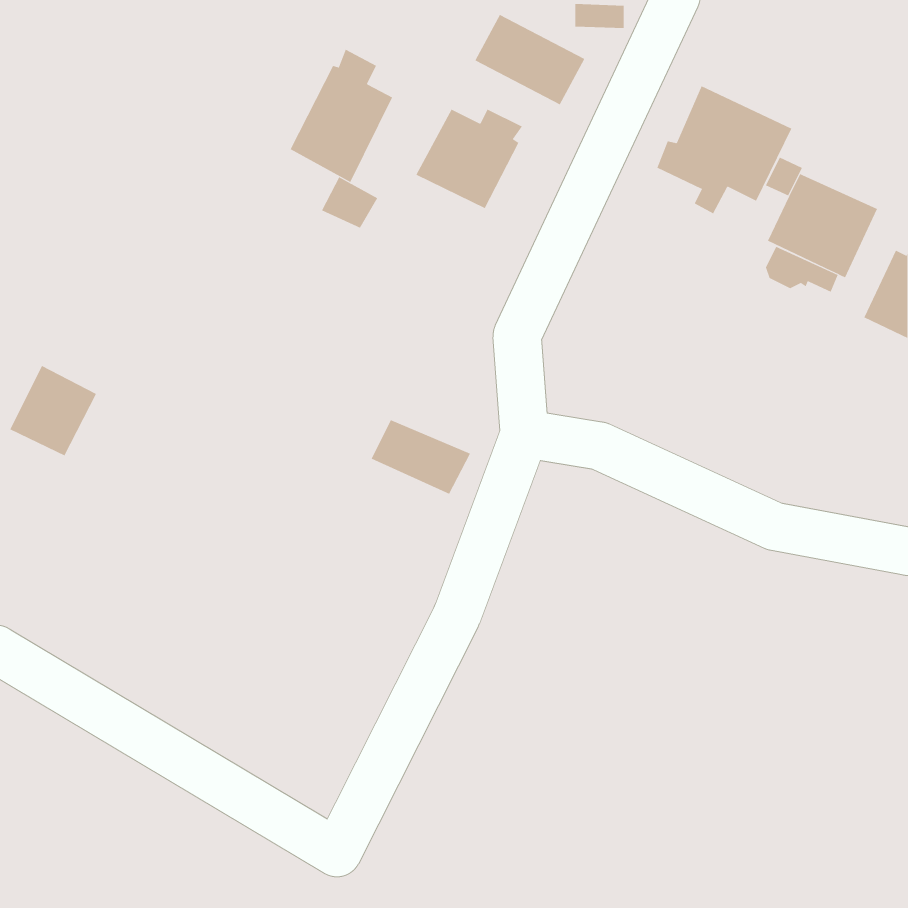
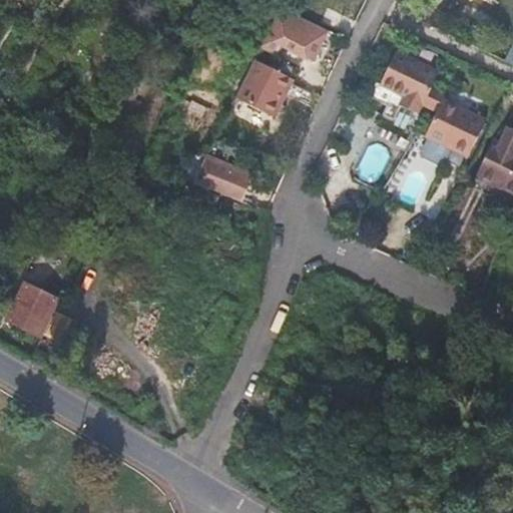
building: [290,49,393,183] -> none
building: [10,365,97,456] -> [7,284,56,335]
building: [371,420,471,495] -> [191,158,247,200]

